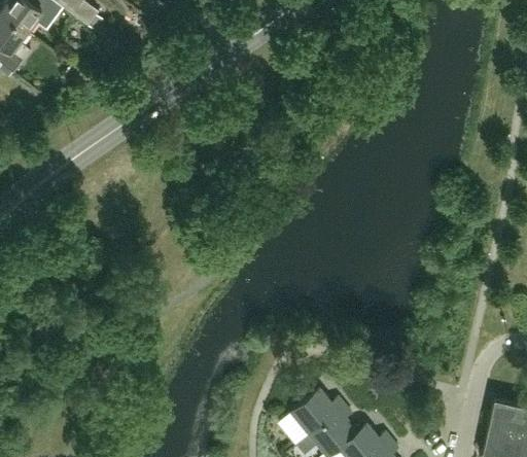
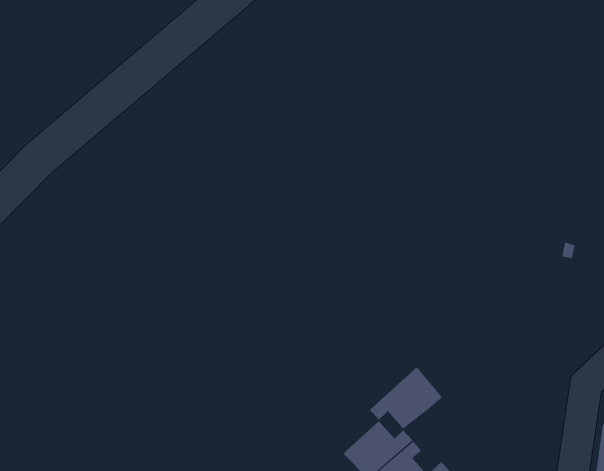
building: none -> [369,367,443,429]

